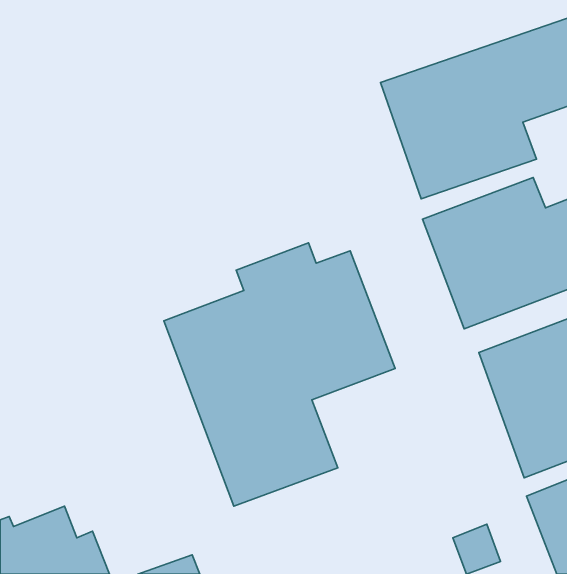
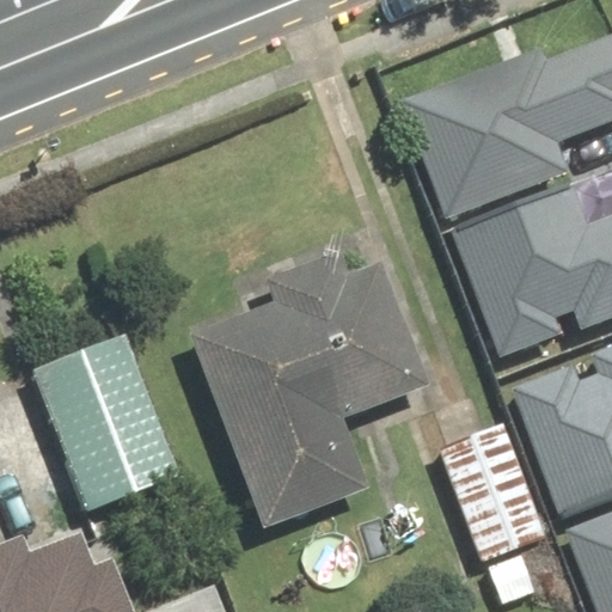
building: none -> [32,338,182,516]
building: none -> [437,427,550,567]

